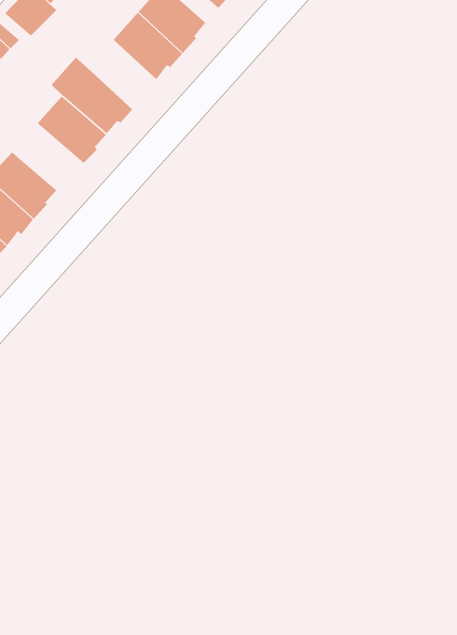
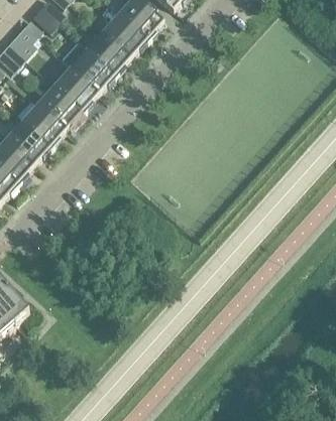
building: none -> [88,30,132,76]
building: none -> [38,85,85,128]

